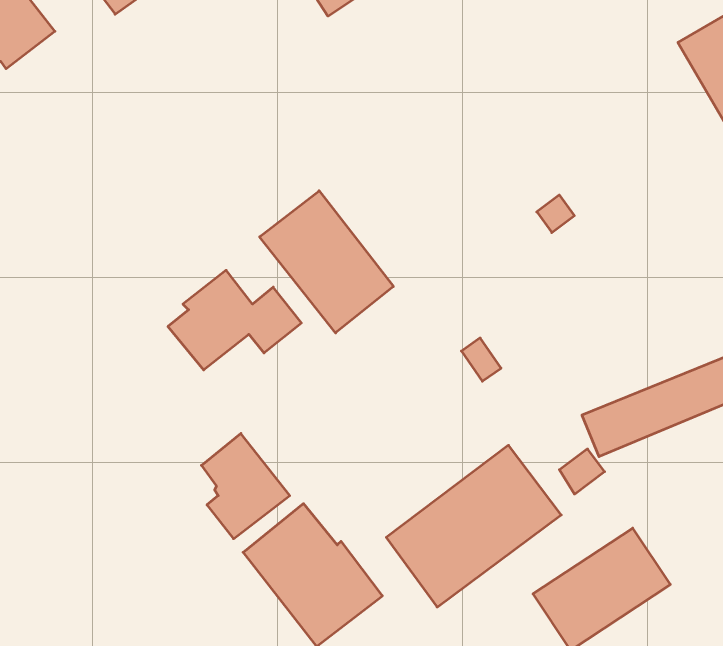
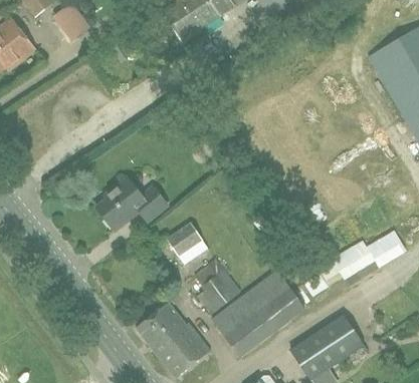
building: [260,191,393,333] -> none
building: none -> [164,223,207,265]
building: [201,433,290,539] -> [194,258,241,314]

